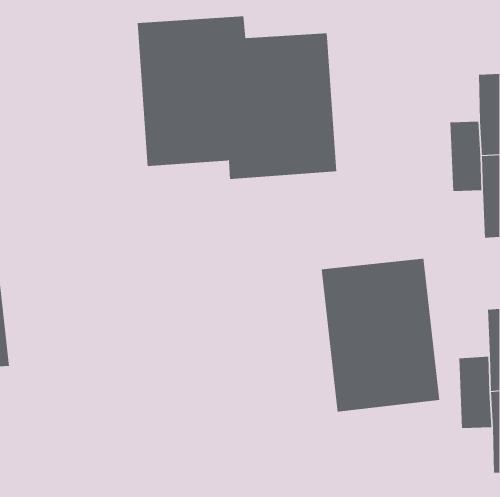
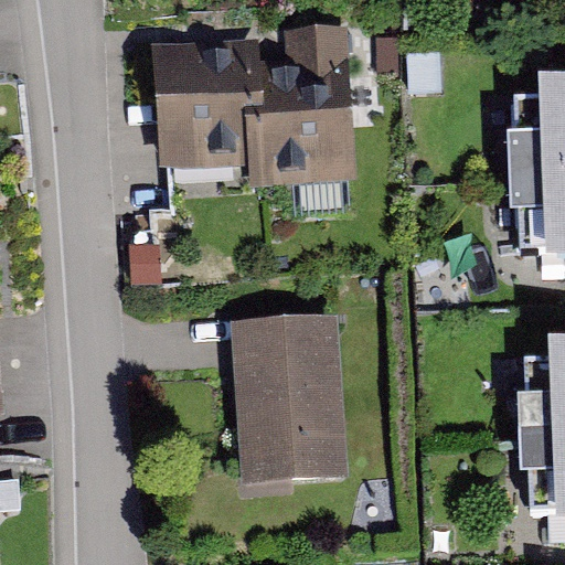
building: [321,258,440,412] -> [230,309,362,480]

